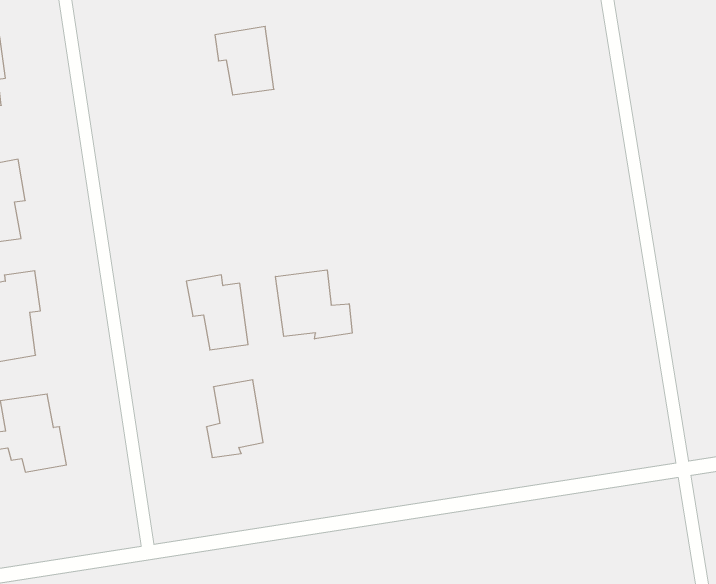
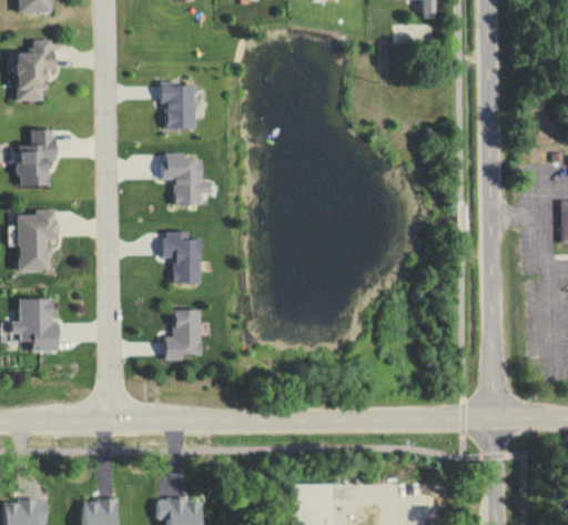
building: [215,26,274,95] -> [159,82,195,128]
building: none -> [163,153,211,204]
building: [276,270,352,339] -> none

